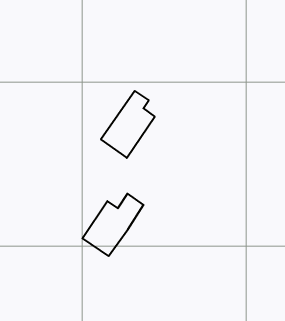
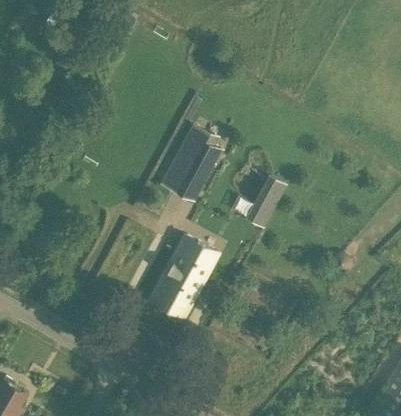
building: none -> [254,177,287,214]

